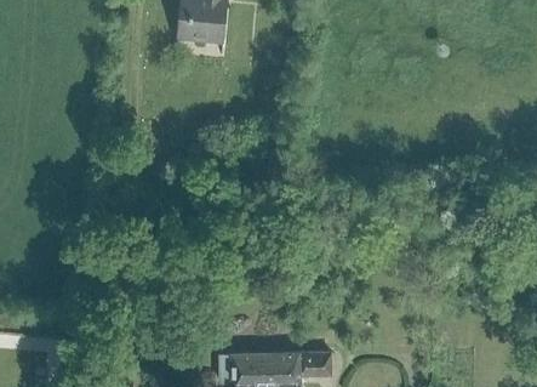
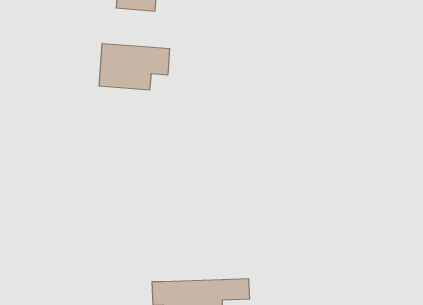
building: none -> [99,43,170,90]

